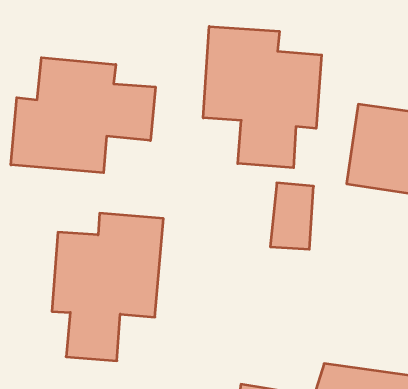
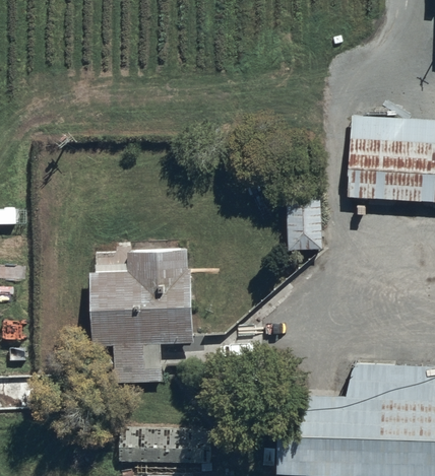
building: [203,26,322,168] -> none
building: [11,58,155,173] -> none

